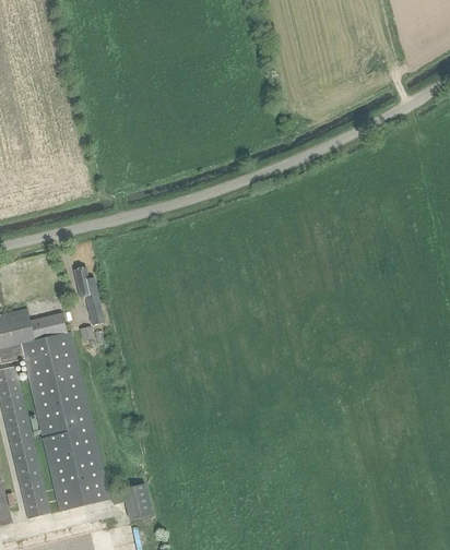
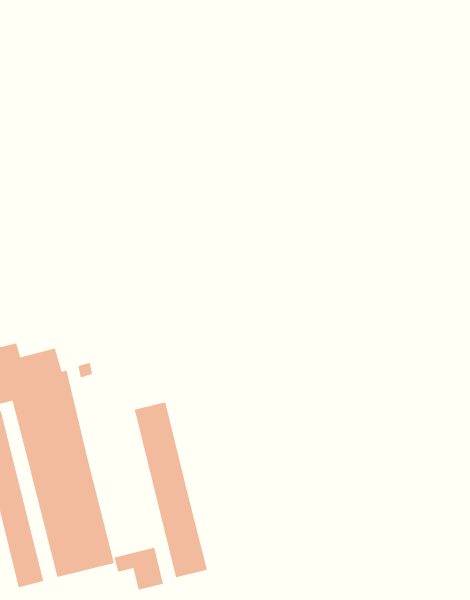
building: [72,268,104,325] -> none
building: none -> [134,401,208,578]

